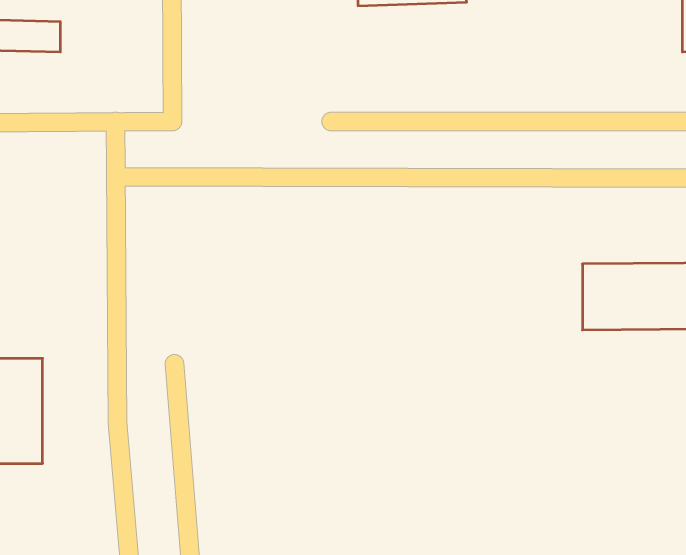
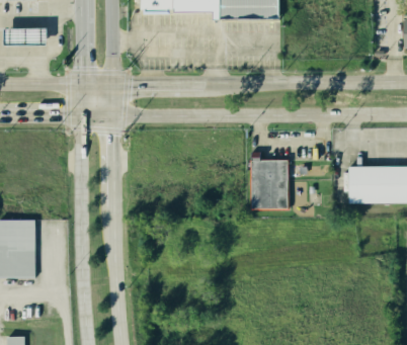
building: none -> [247,159,288,209]

